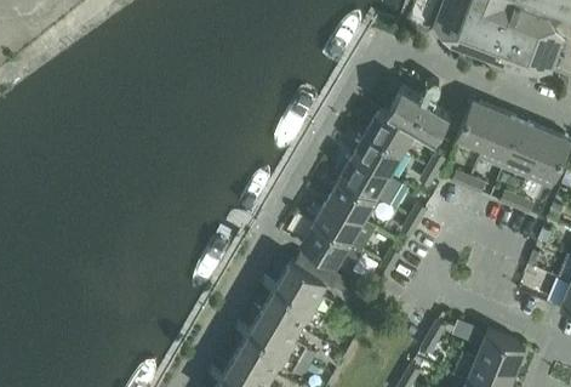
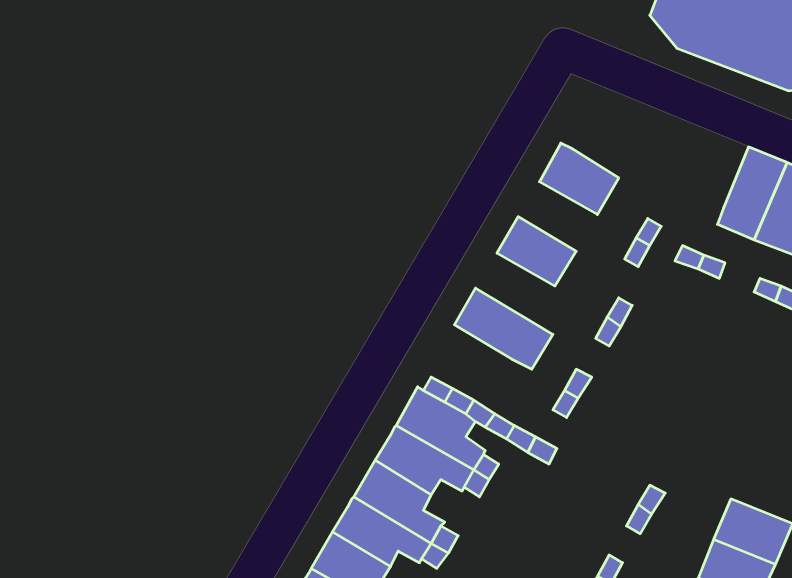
building: [388,87,450,141] -> none
building: [457,99,498,149] -> none
building: [354,132,404,176] -> none
building: [327,177,377,221] -> none
building: [299,222,362,274] -> none

